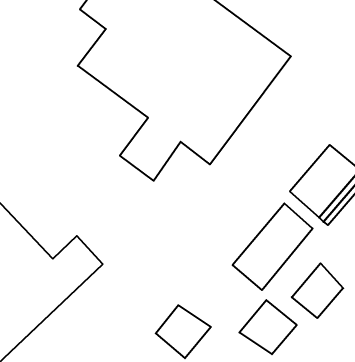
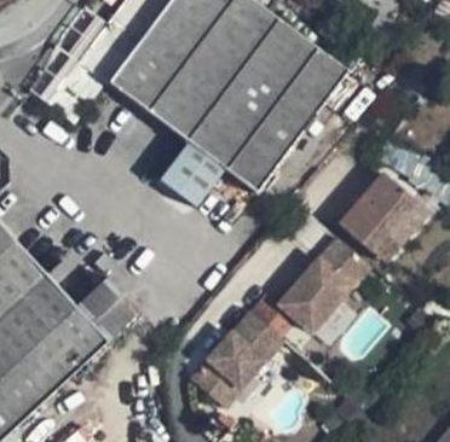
building: [292,263,343,318] -> none
building: [239,300,297,354] -> [219,314,283,374]

